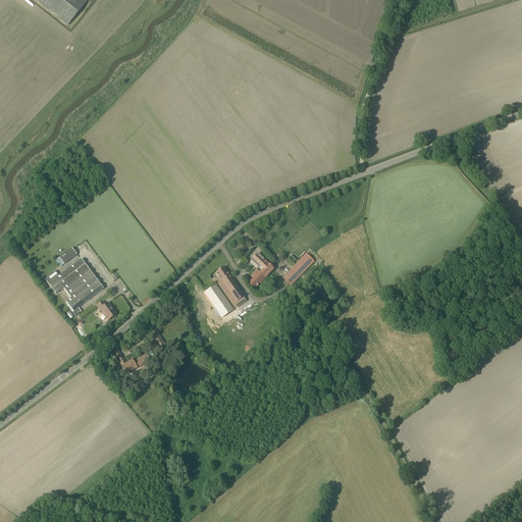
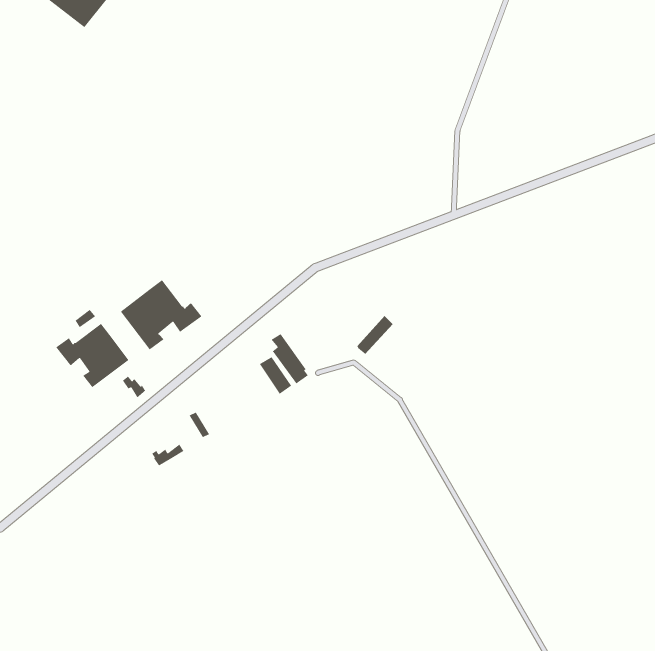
building: none -> [120,279,202,350]
building: [247,251,274,288] -> none

